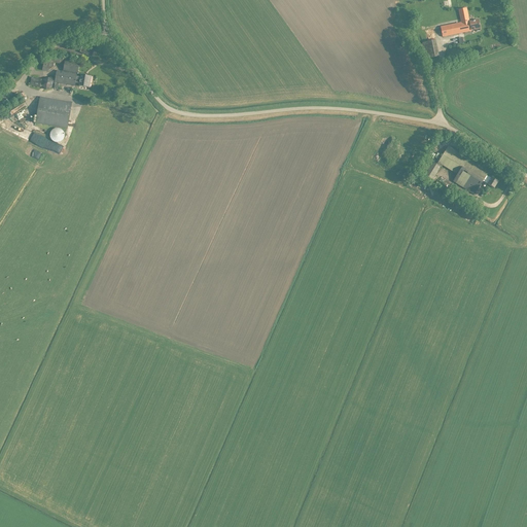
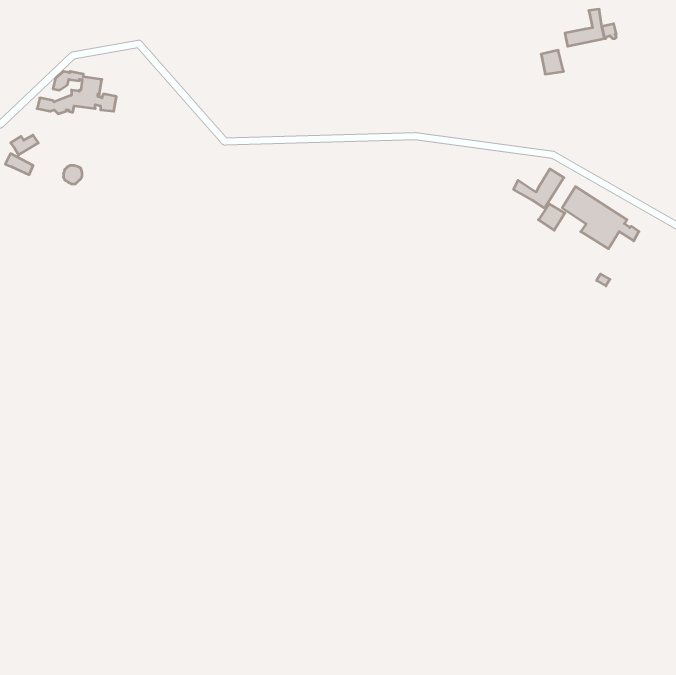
building: [35,97,71,129] -> none
building: none -> [514,169,564,208]

